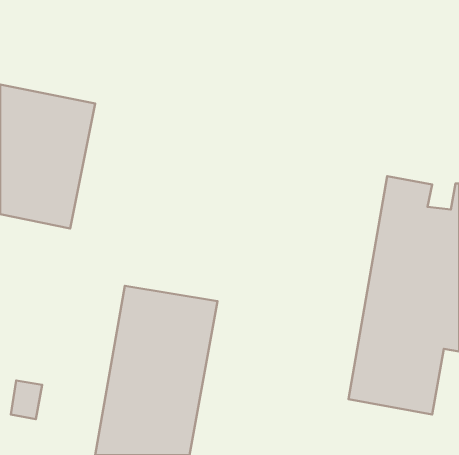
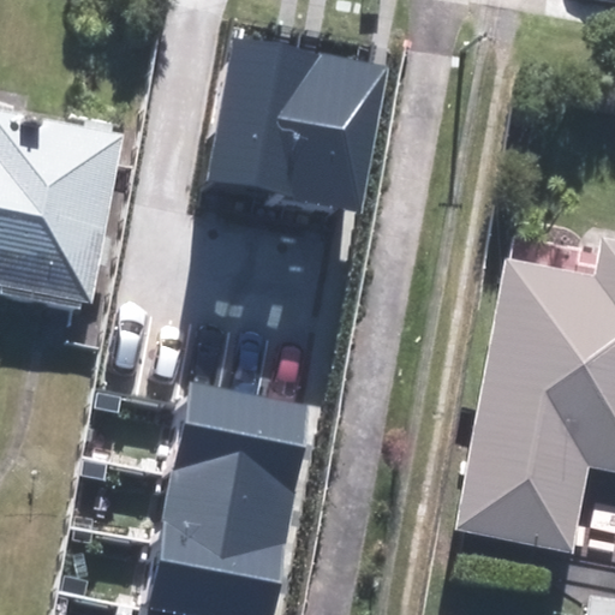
building: none -> [187,46,366,210]

